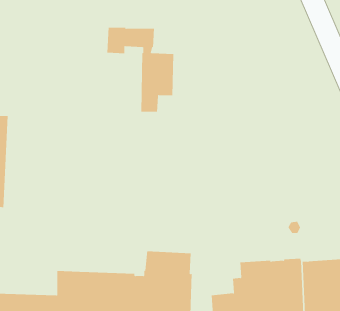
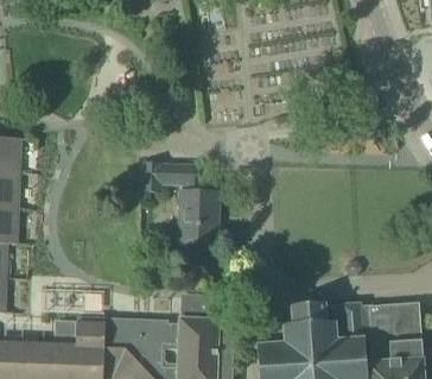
building: [107,27,174,112] -> [140,160,218,259]

